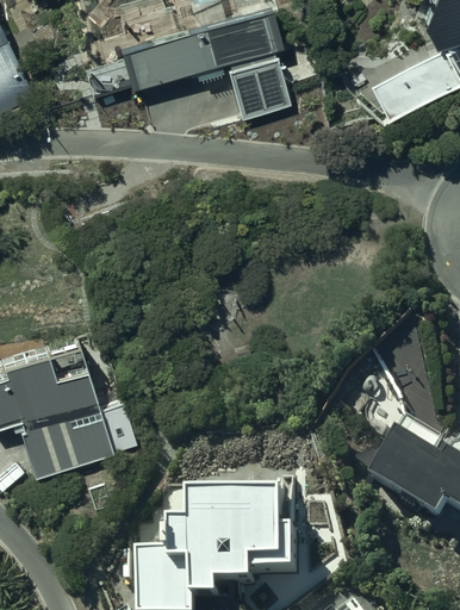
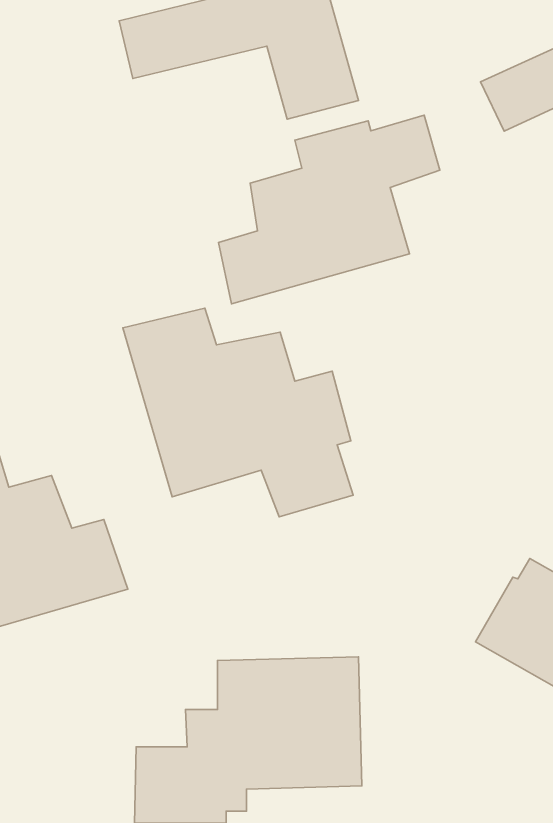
building: none -> [219,115,440,304]
building: none -> [123,308,353,517]

